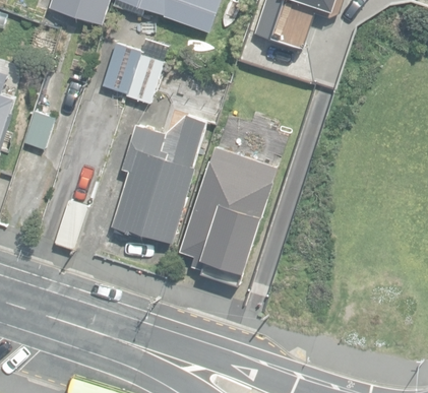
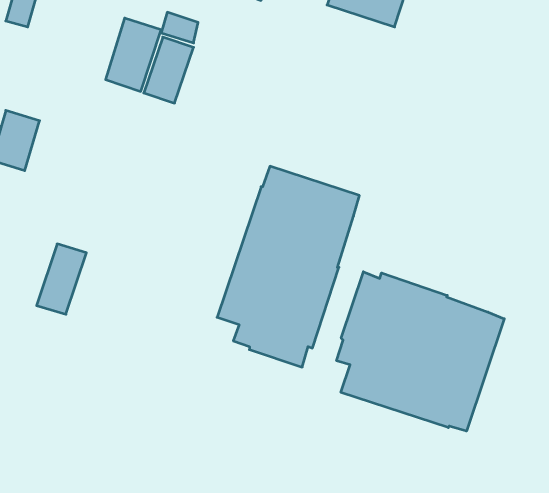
building: [112,114,206,243] -> none
building: none -> [337,272,504,431]

